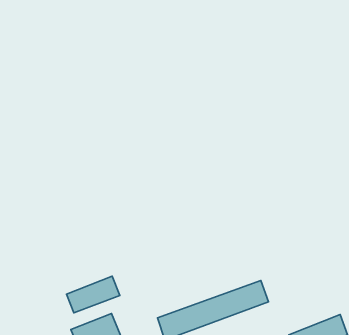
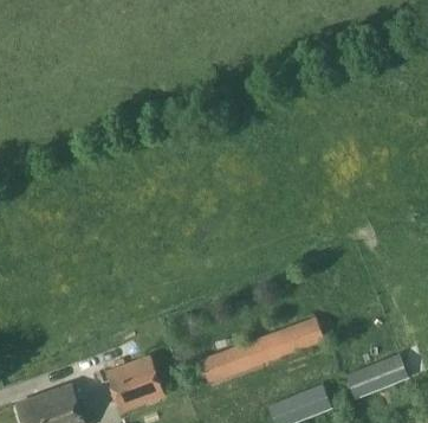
building: [67,276,120,313] -> none

